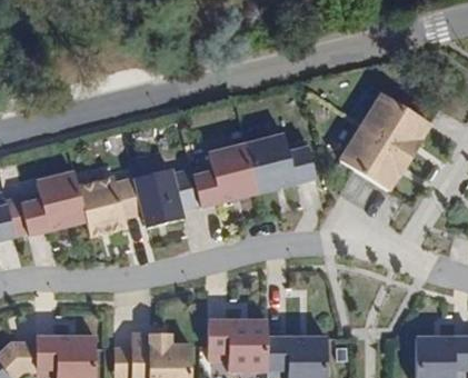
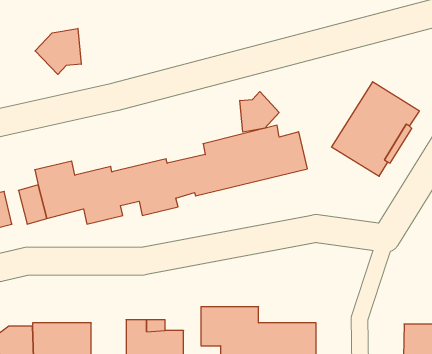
building: none -> [35,28,81,74]
building: none -> [240,92,279,132]

